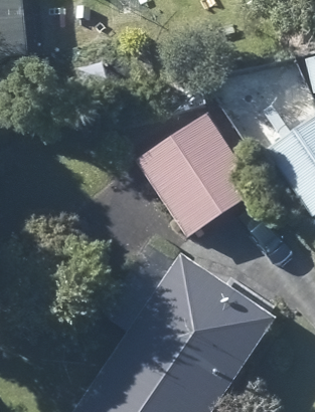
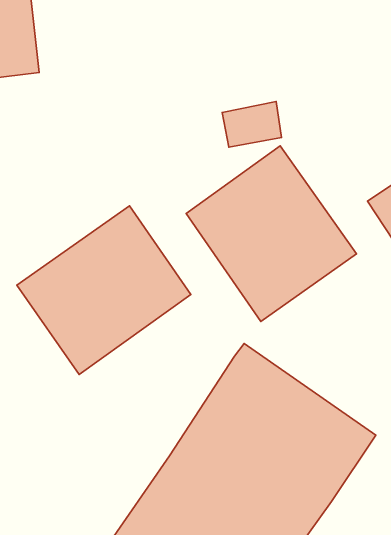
building: none -> [17,206,191,375]

